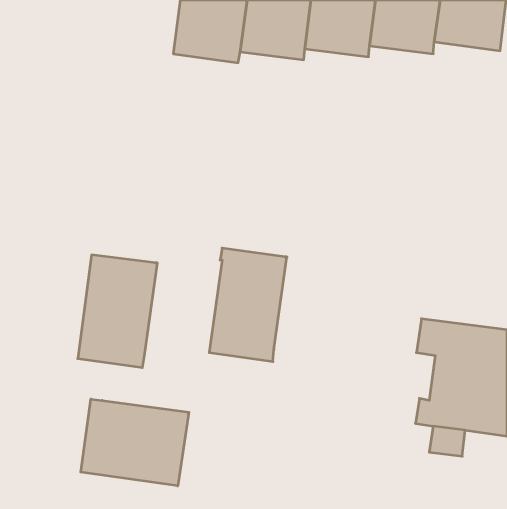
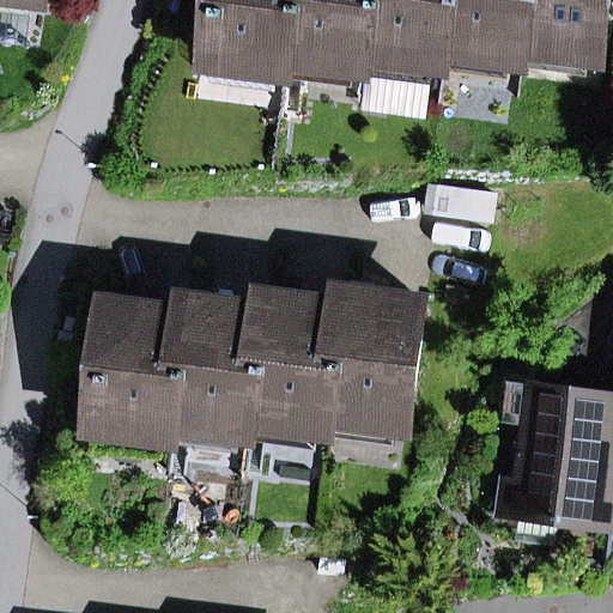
building: none -> [329,295,425,431]
building: none -> [174,302,267,438]
building: [81,399,189,486] -> none

